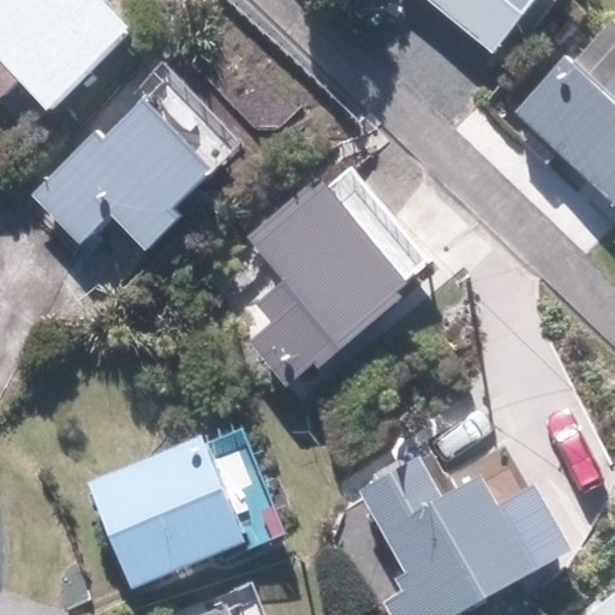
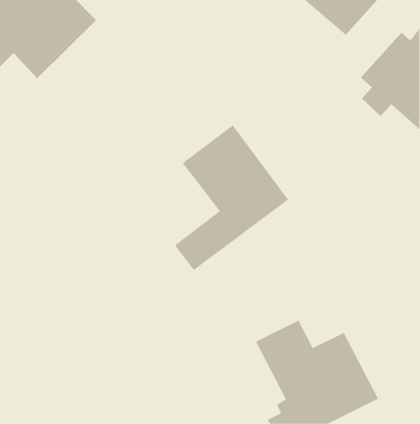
building: [26,96,223,253] -> none
building: [86,435,249,590] -> none

